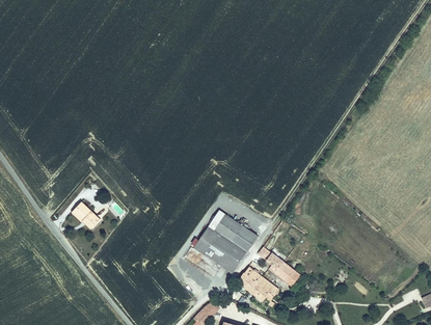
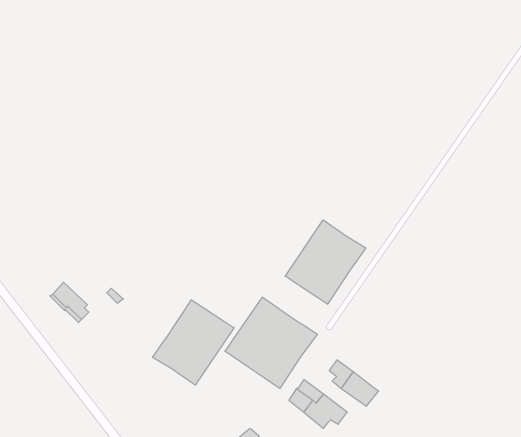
building: none -> [285,220,366,304]
building: none -> [153,300,234,385]

